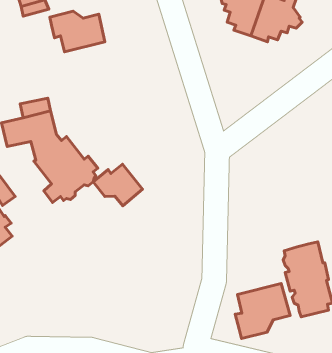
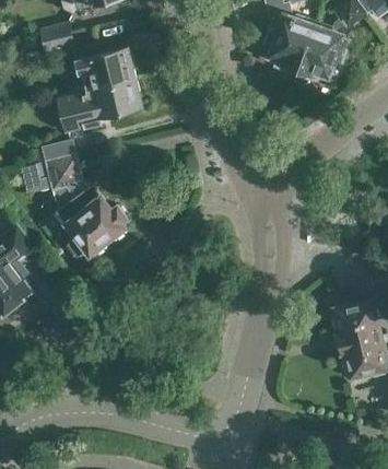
building: none -> [58,79,141,132]
building: [93,164,143,206] -> none
building: [235,284,290,338] -> none

